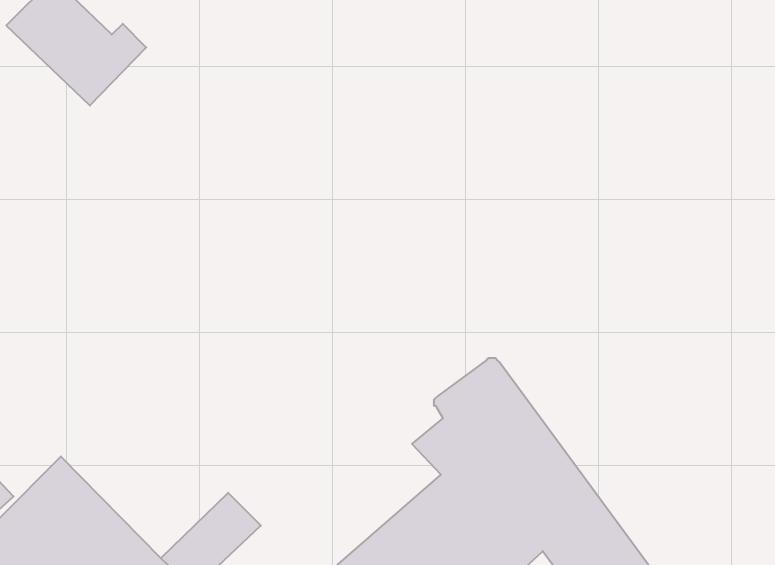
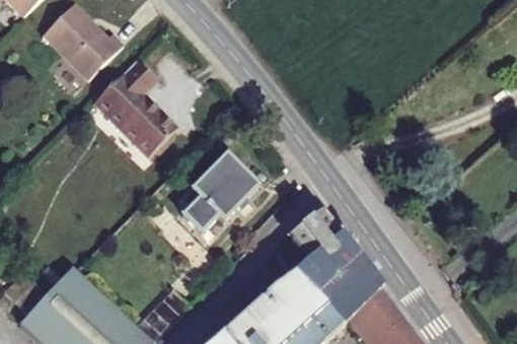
building: none -> [94,55,178,153]
building: none -> [173,153,252,231]

